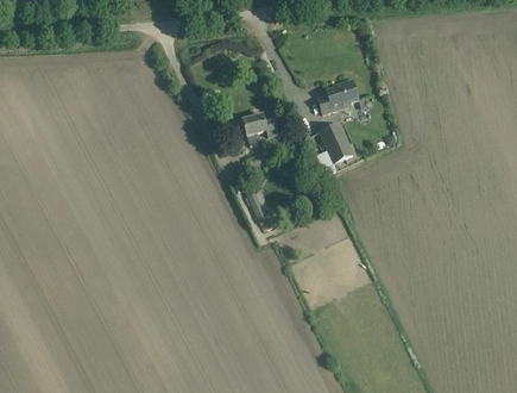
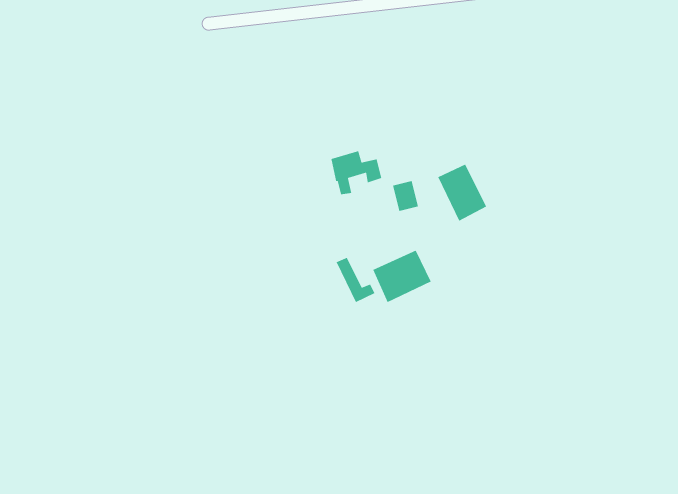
building: [316,79,358,113] -> none
building: none -> [372,249,432,303]

